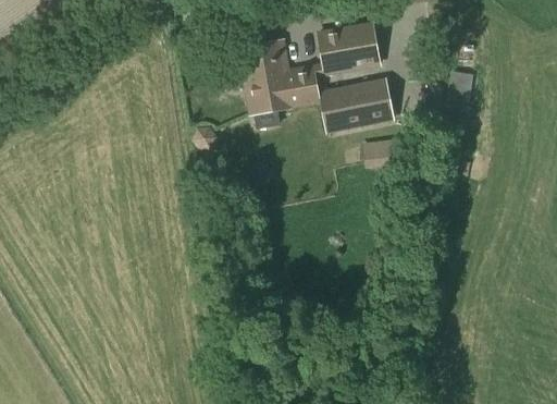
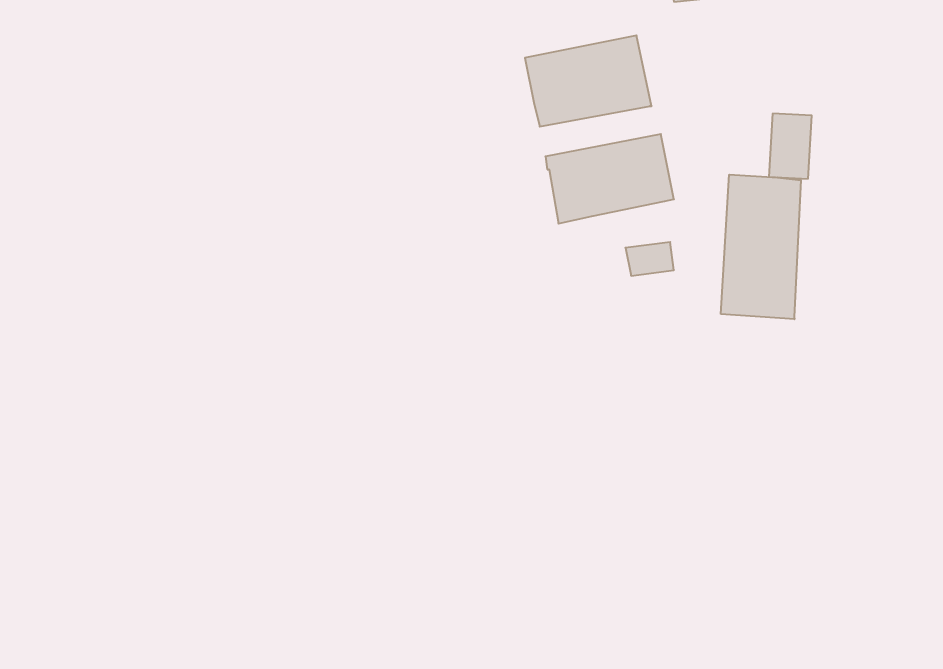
building: [242,39,321,113] -> none
building: none -> [721,175,801,319]

